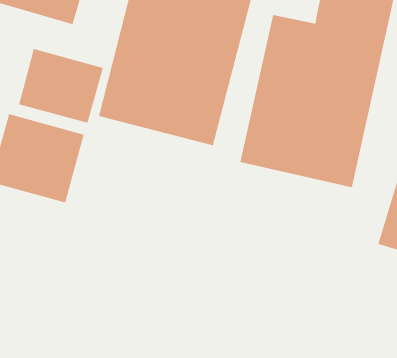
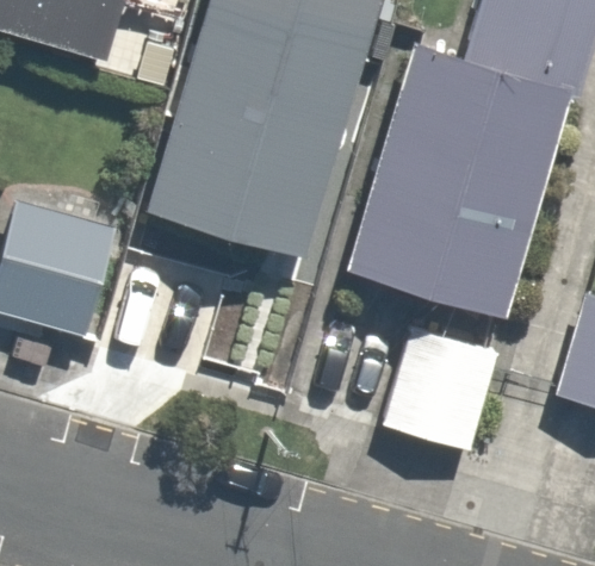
building: [18,48,104,124] -> none
building: none -> [378,323,497,448]

